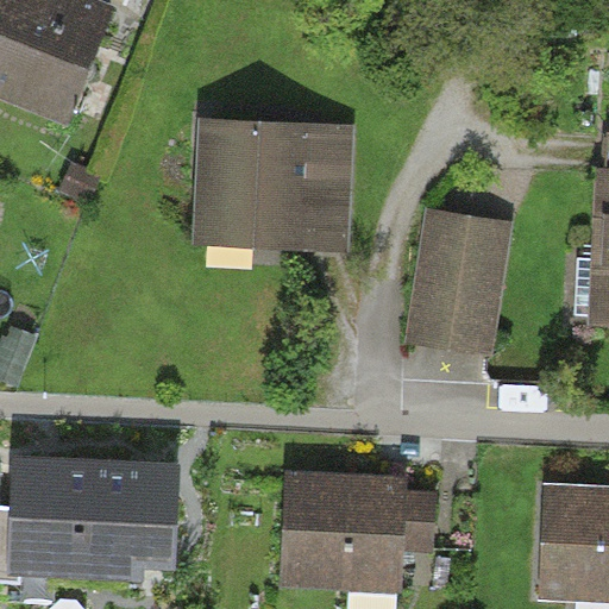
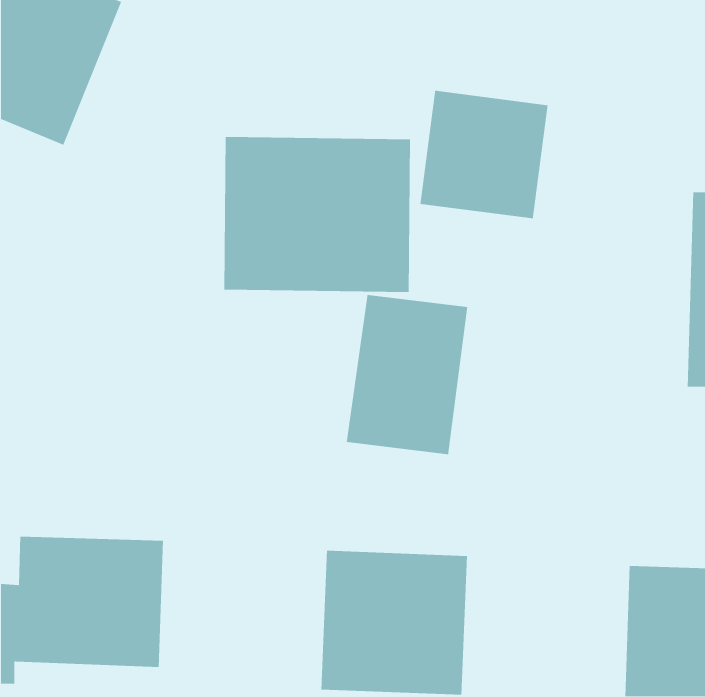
building: none -> [420,90,549,219]
building: [408,212,513,350] -> [346,294,468,455]

